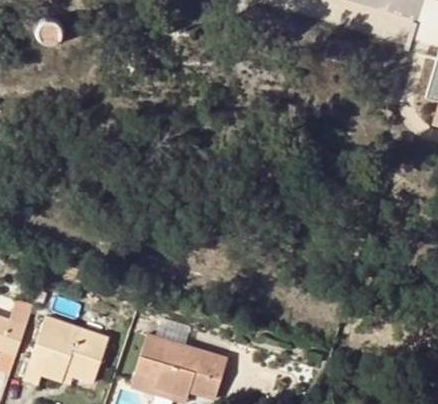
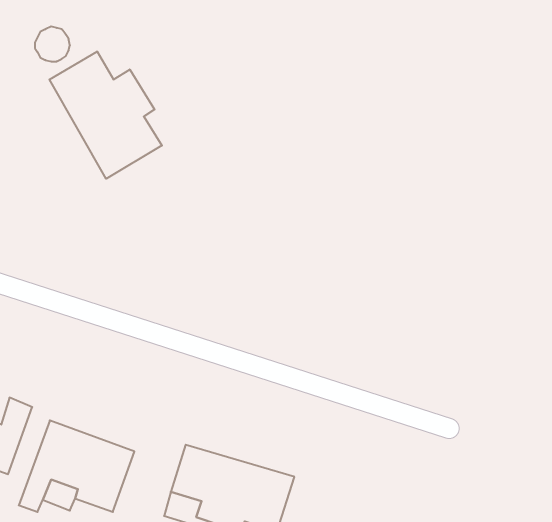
building: none -> [49,51,162,179]

